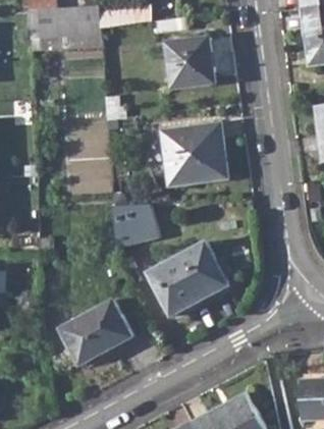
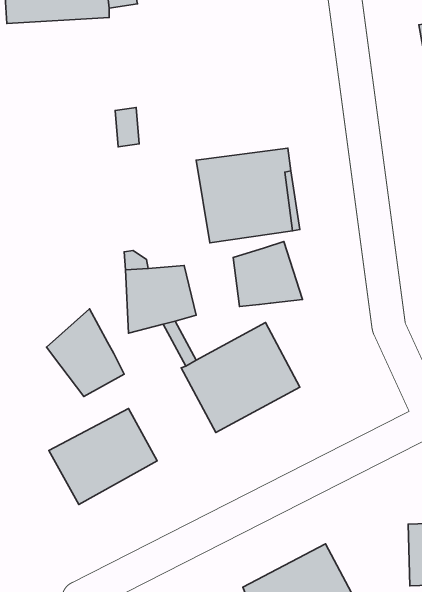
building: [164,37,215,88] -> none
building: none -> [233,242,302,306]
building: none -> [47,309,124,397]

